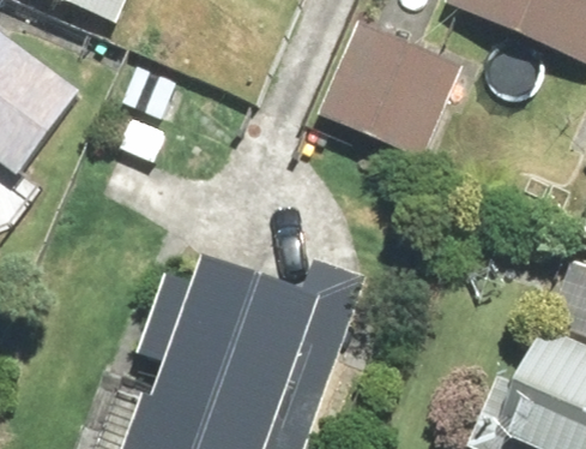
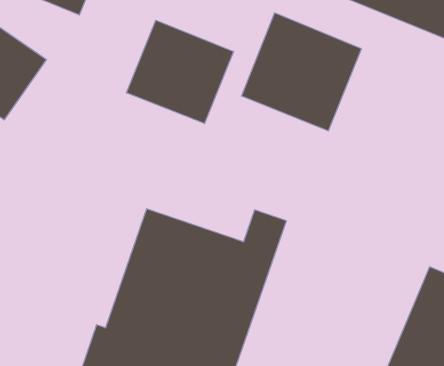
building: none -> [126,20,233,124]

